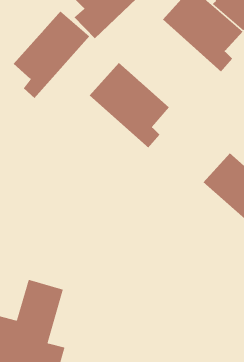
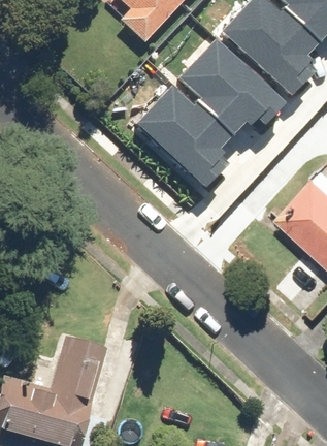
building: [13,10,90,99] -> none
building: none -> [177,32,287,131]

